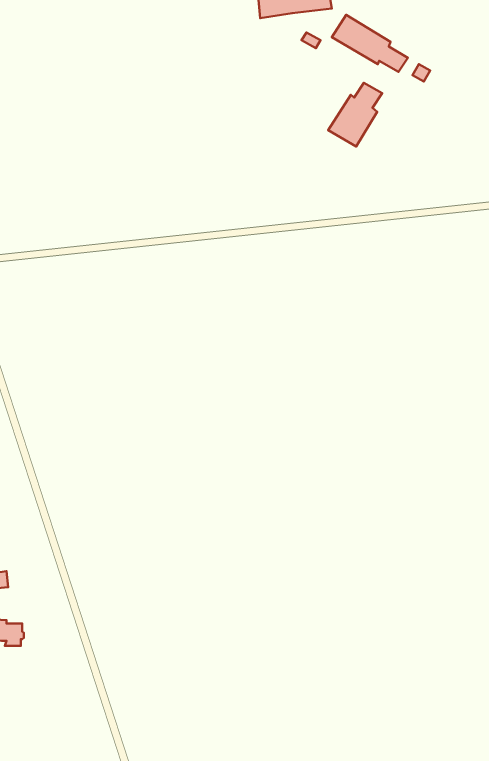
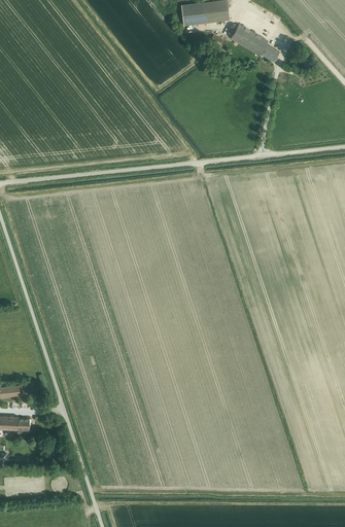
building: [328,83,382,147] -> none

